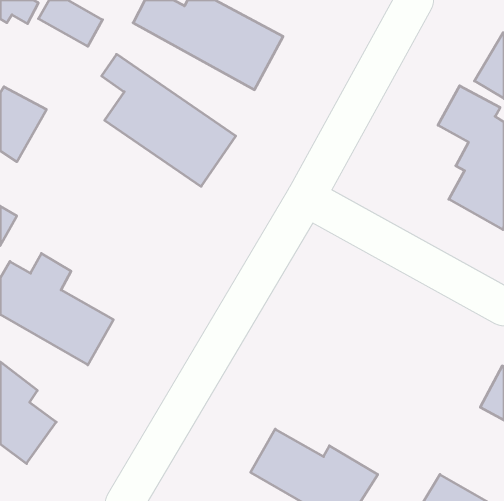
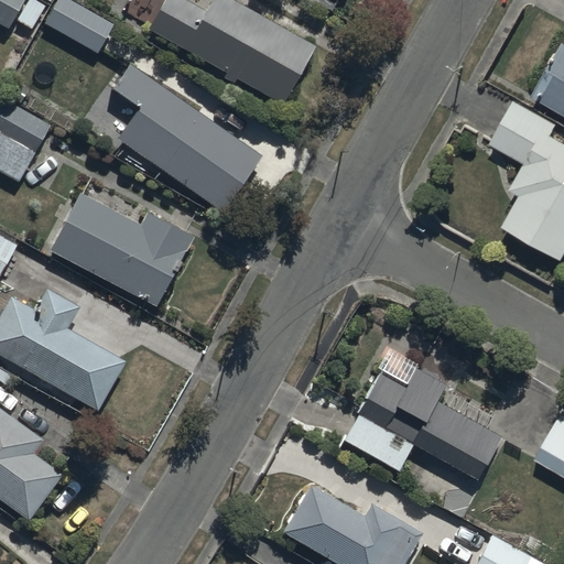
building: none -> [48,192,195,306]
building: none -> [343,346,501,481]

